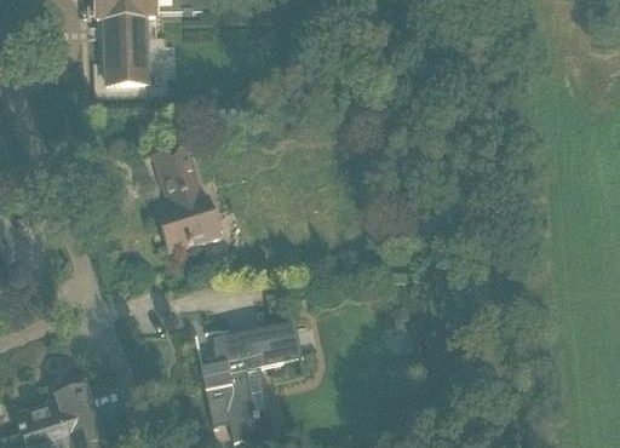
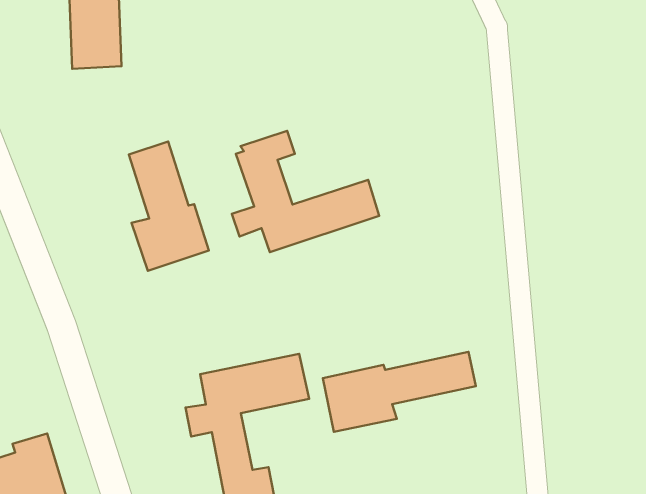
building: none -> [232,131,379,252]
building: none -> [323,352,476,432]

